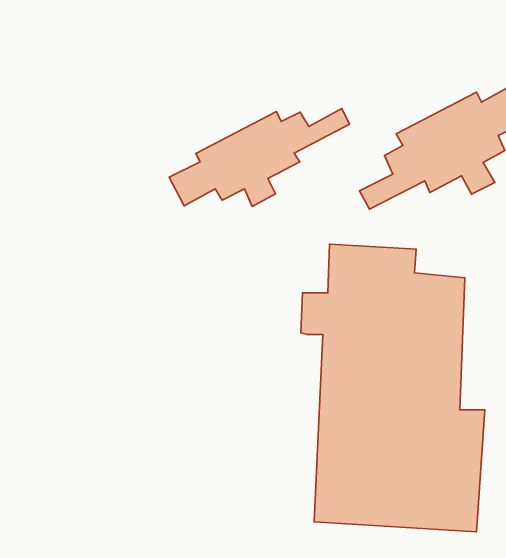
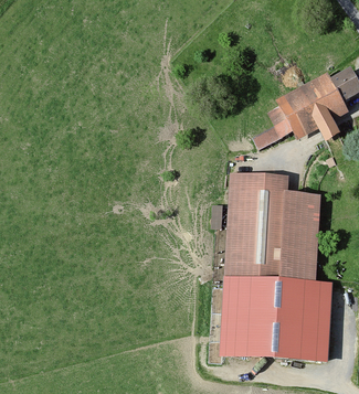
building: [169,109,350,206] -> none

